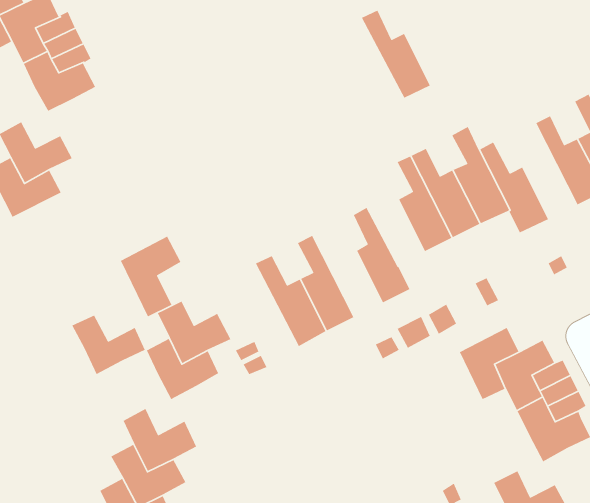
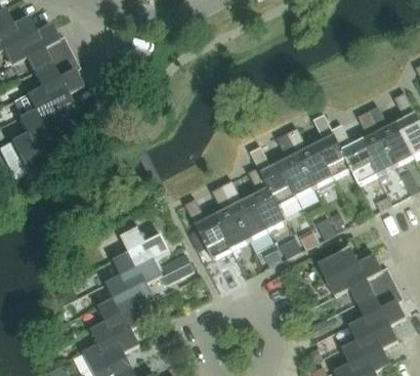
building: [361,10,431,100] -> [250,145,296,205]
building: none -> [24,87,73,127]
building: none -> [358,111,396,174]
building: none -> [222,179,268,239]
building: [120,236,182,318] -> none
building: [71,314,146,375] -> [104,276,154,316]
building: none -> [349,317,397,357]

